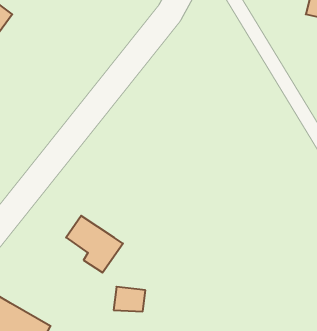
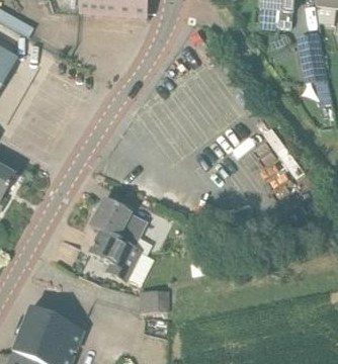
building: none -> [89,198,147,250]

